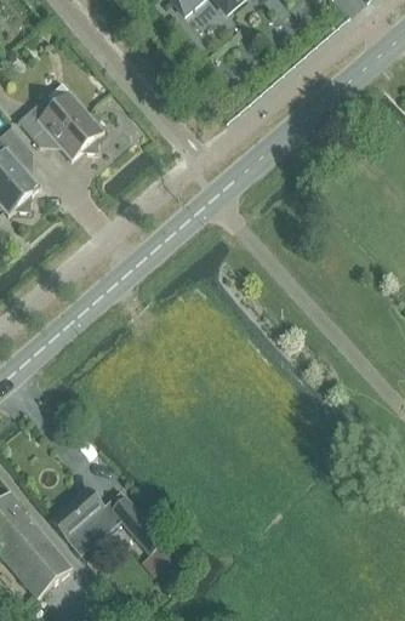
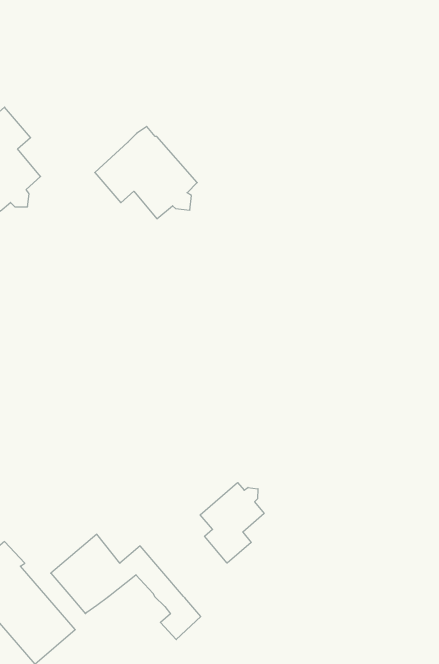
building: [18,82,104,160] -> [95,126,197,219]
building: none -> [200,483,264,563]

